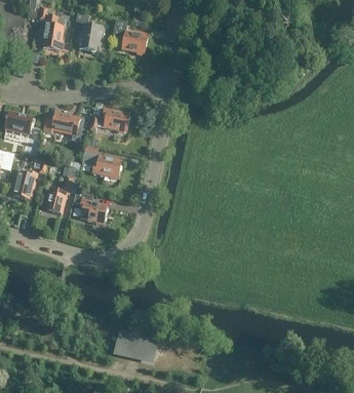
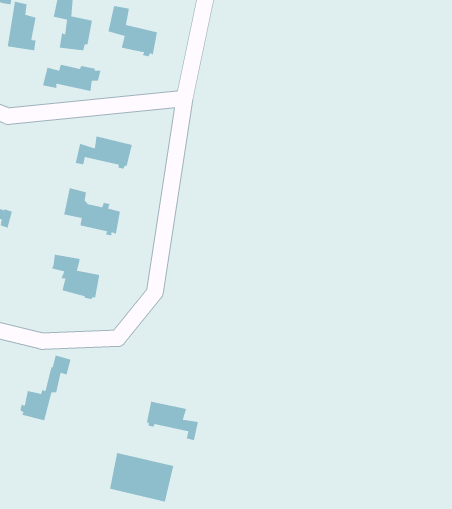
building: [43,115,84,134] -> [42,64,102,92]
building: [44,166,80,212] -> [20,355,71,421]
building: none -> [146,401,199,441]

